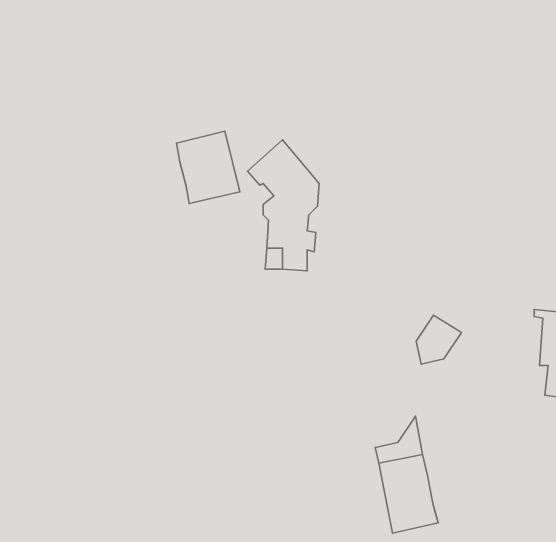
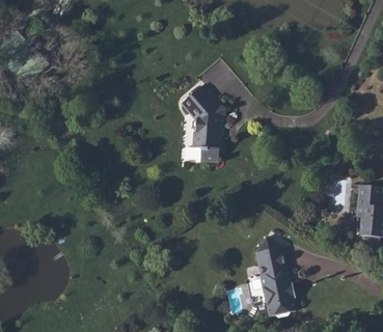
building: [176,131,240,203] -> none
building: [416,315,461,364] -> [255,238,282,267]

